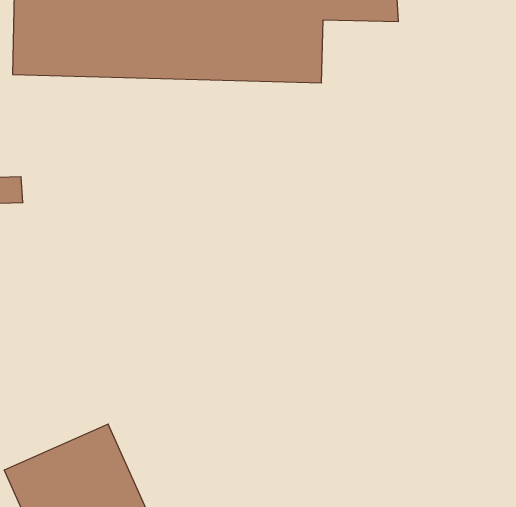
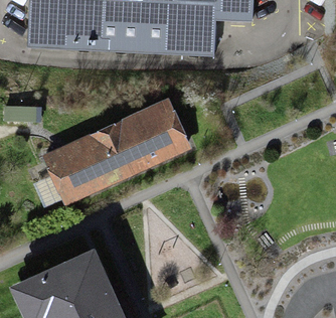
building: none -> [45,103,189,200]

